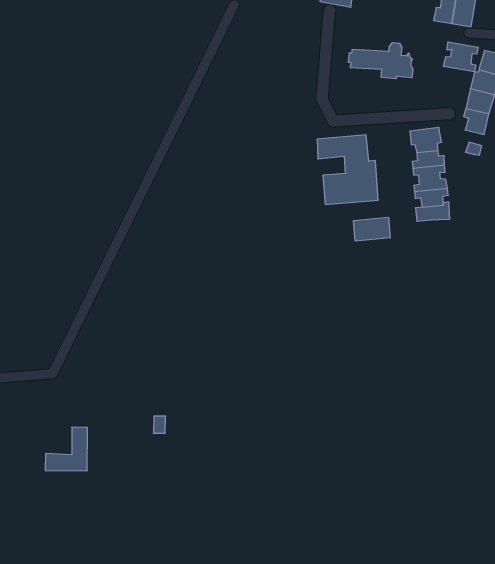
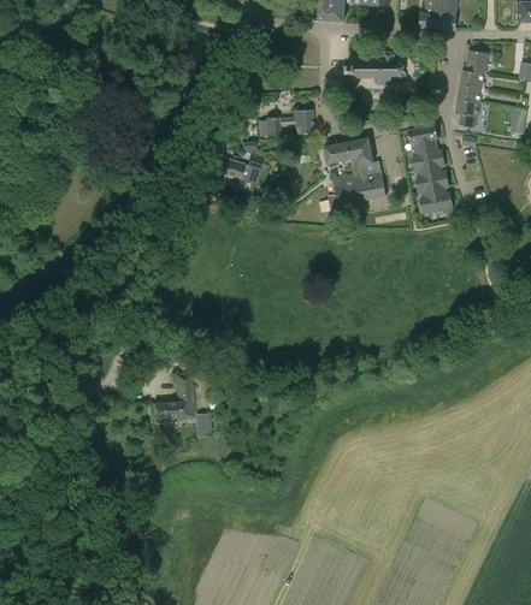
building: [443,42,478,72] -> none
building: none -> [258,109,312,136]
building: none -> [219,154,265,185]
building: [353,217,390,241] -> none
building: [45,427,87,471] -> [153,375,193,419]

